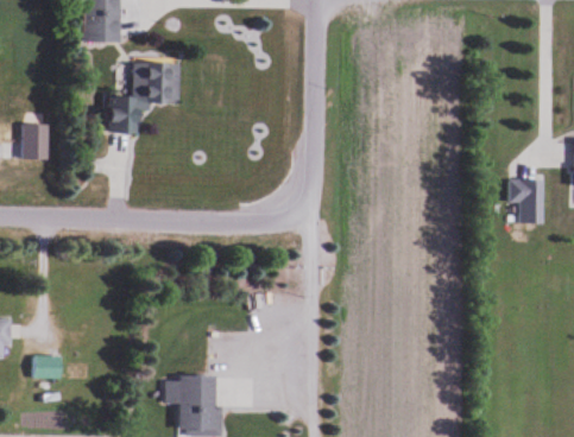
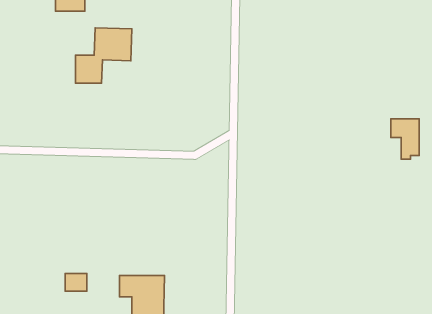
building: [21,125,48,160] -> none
building: [33,356,61,379] -> [65,273,87,291]

